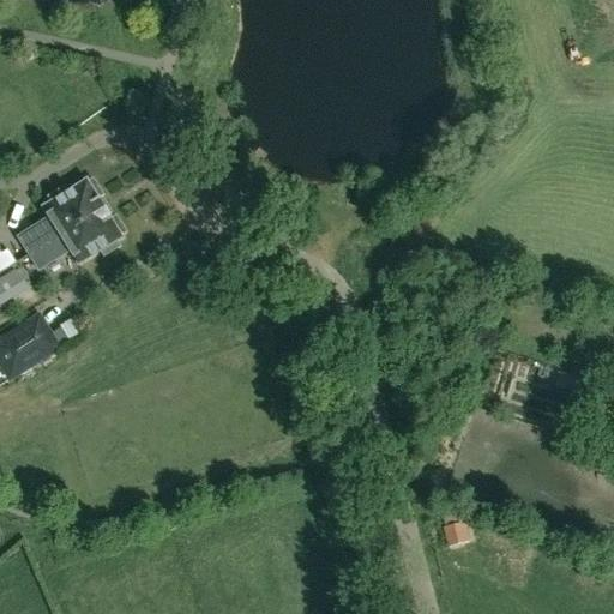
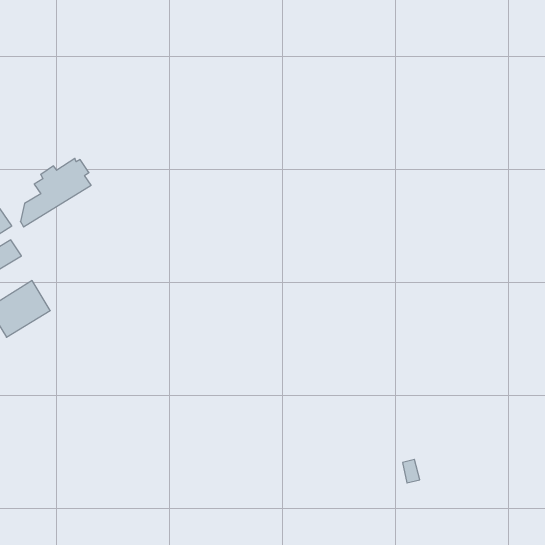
building: [26,207,122,269] -> none

